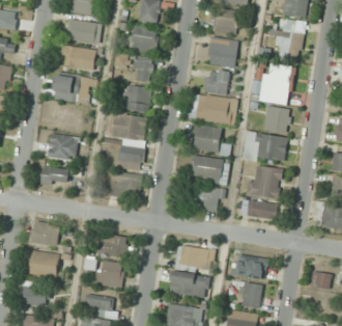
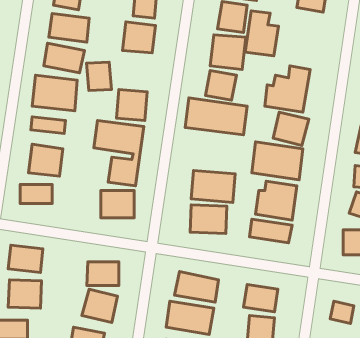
building: [274,19,303,58] -> [245,11,278,56]
building: [132,56,153,81] -> [87,62,111,91]
building: [194,126,229,153] -> none

